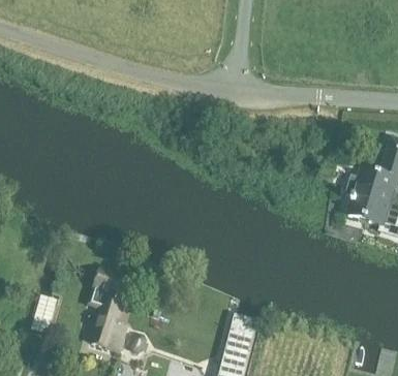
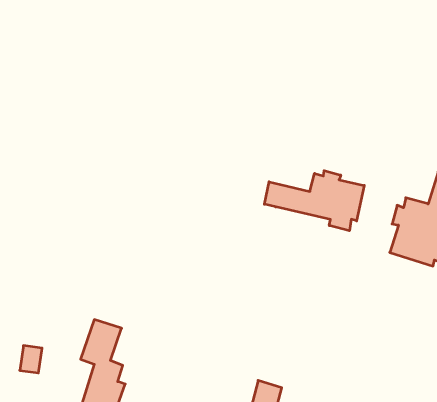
building: none -> [264,171,364,231]

